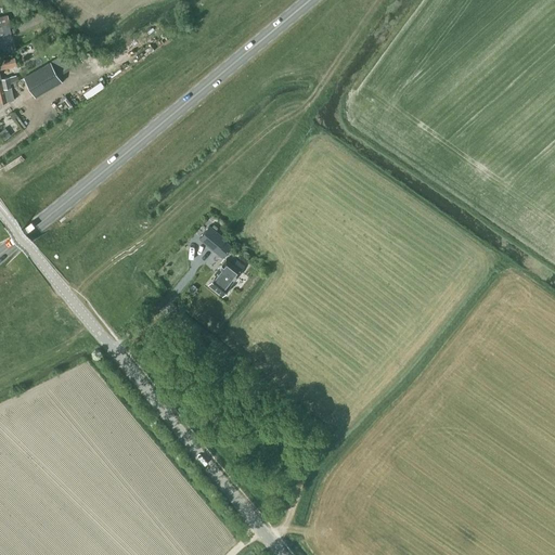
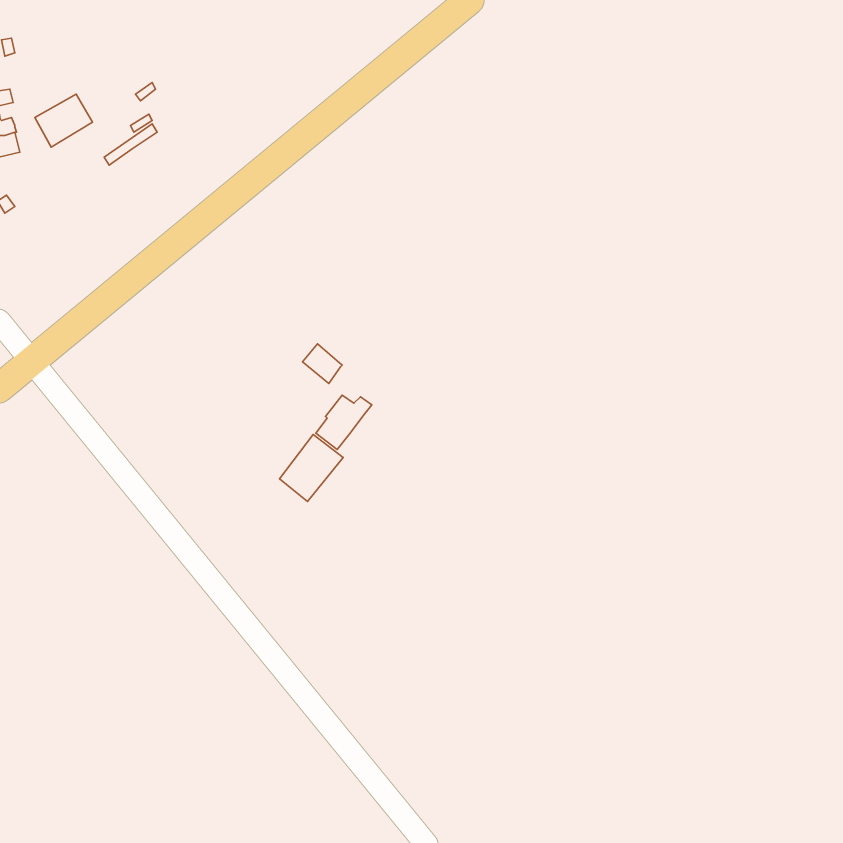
building: none -> [279,435,343,501]

